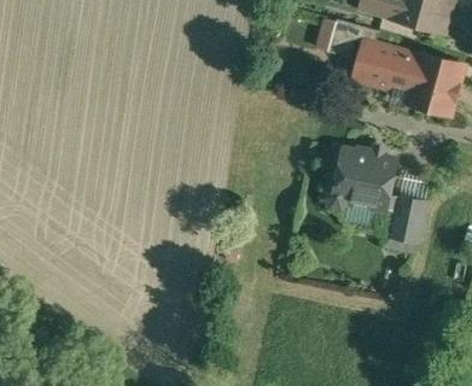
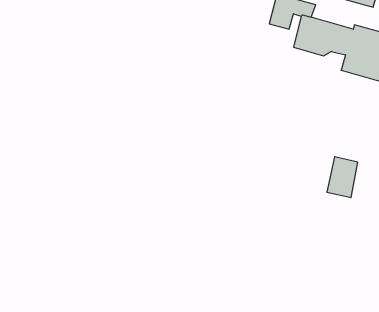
building: [327,147,395,209] -> none

